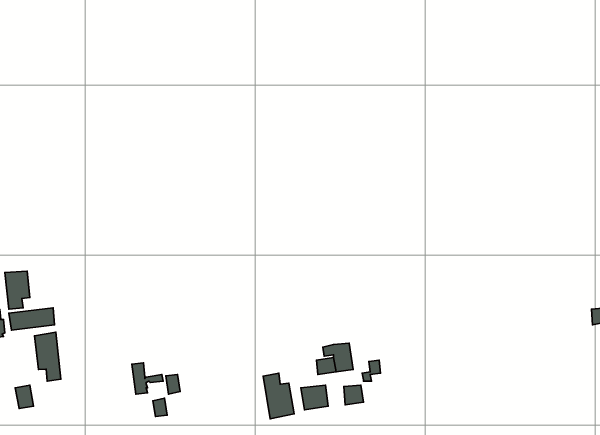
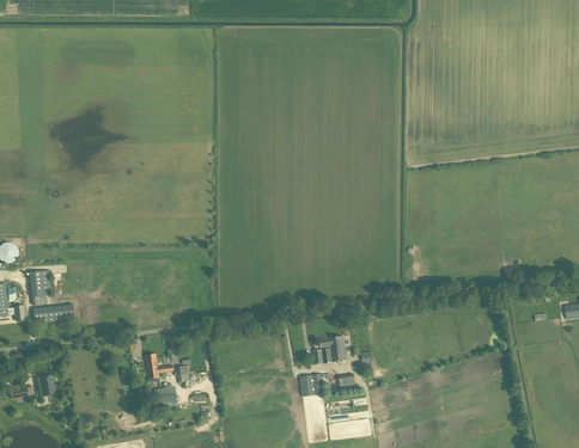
building: [34,332,61,381] -> none
building: [263,373,294,419] -> none

